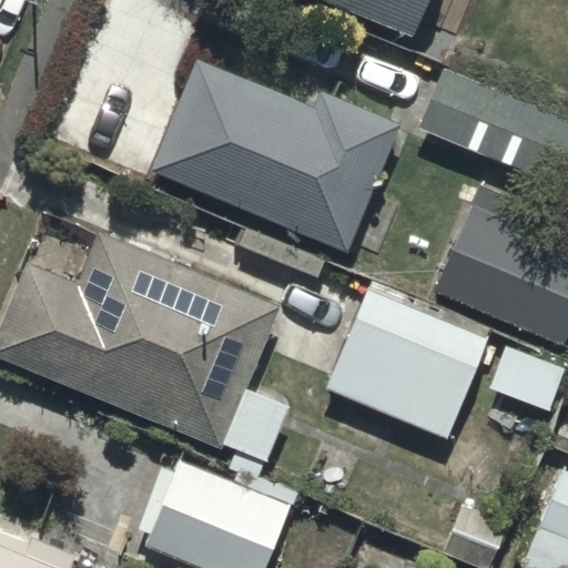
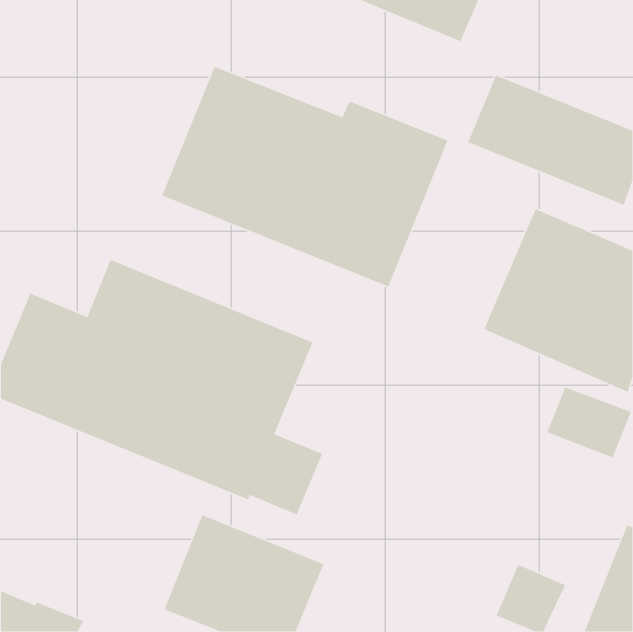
building: [326,290,488,437] -> none

